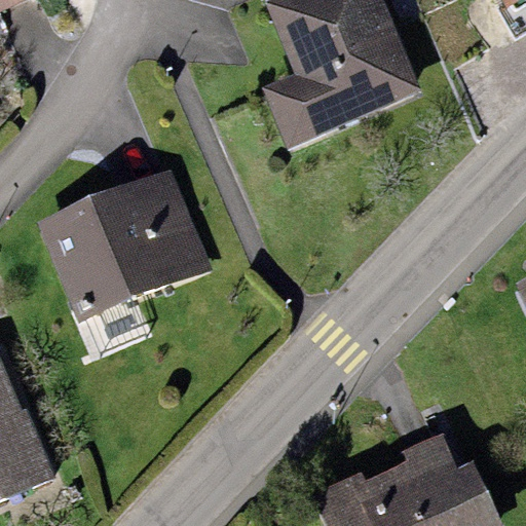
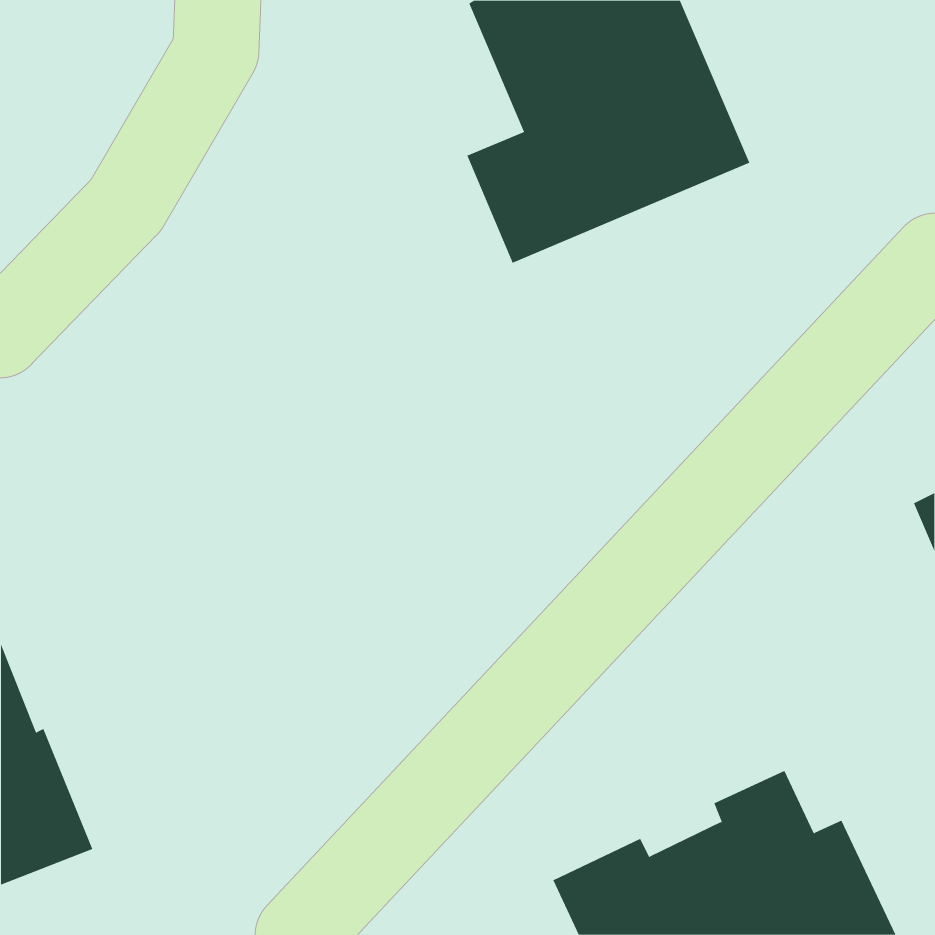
building: [38,167,212,323] -> none

